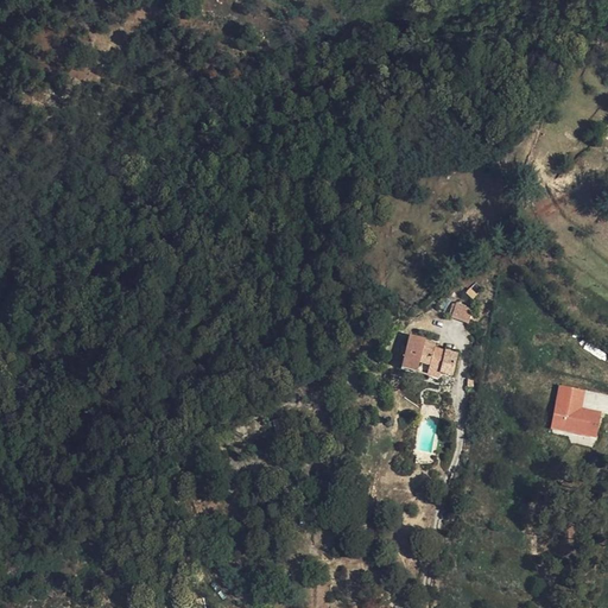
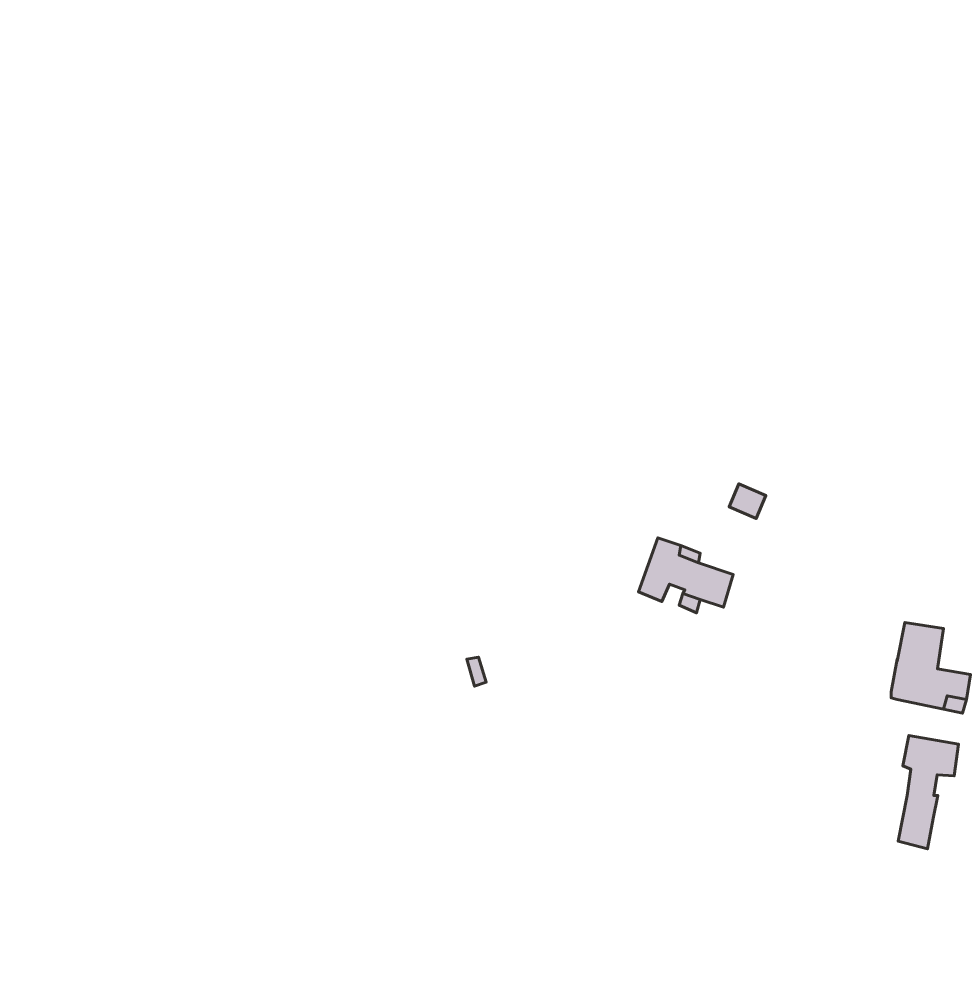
building: none -> [898,735,958,849]

